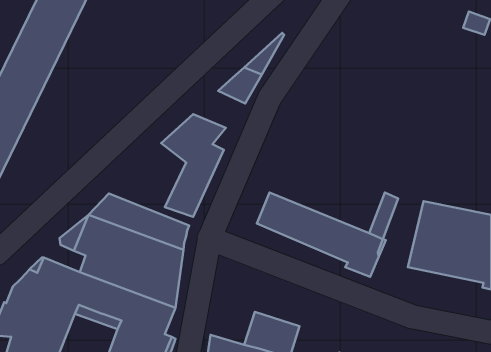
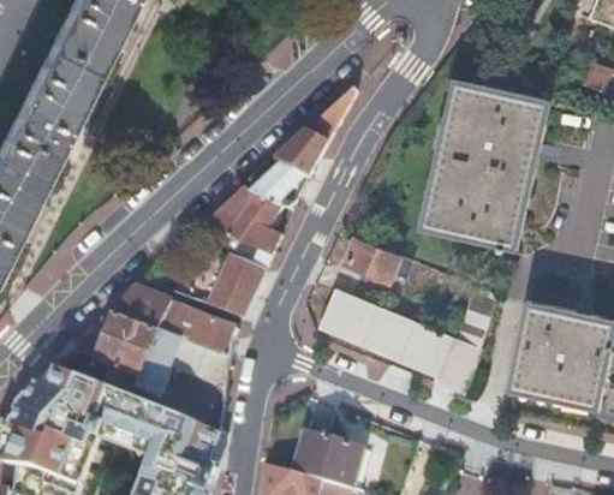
building: none -> [427,82,542,254]
building: none -> [242,163,306,213]
building: none -> [344,237,411,281]

